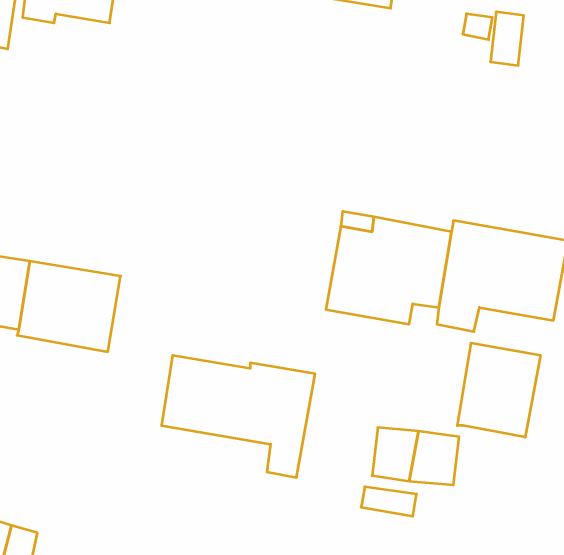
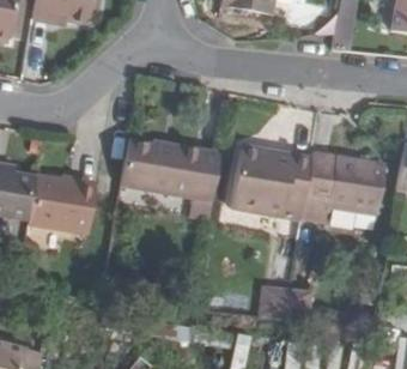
building: [457,343,540,437] -> none
building: [162,355,315,477] -> [119,140,218,219]

